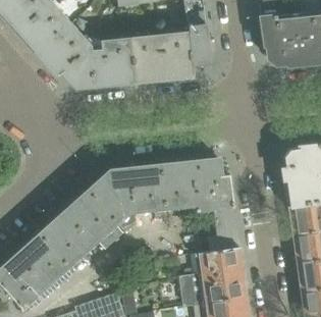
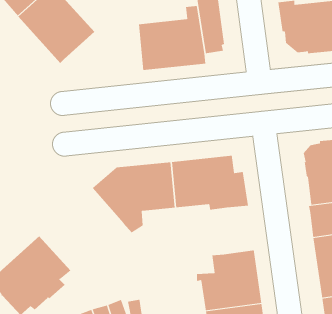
building: [62,38,135,87] -> none
building: [39,190,116,266] -> none
building: [208,206,238,251] -> none

